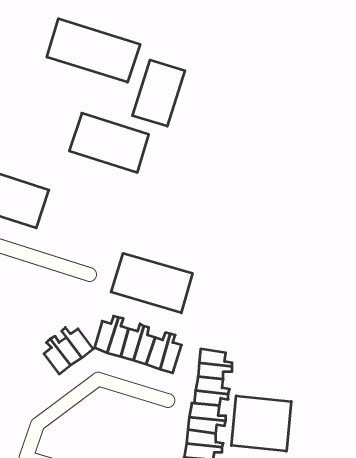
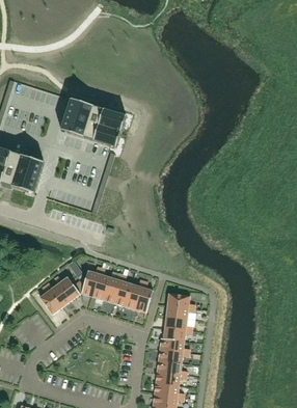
building: [47,19,140,82] -> none
building: [132,60,185,126] -> none
building: [111,253,192,313] -> none
building: [231,396,291,451] -> none

